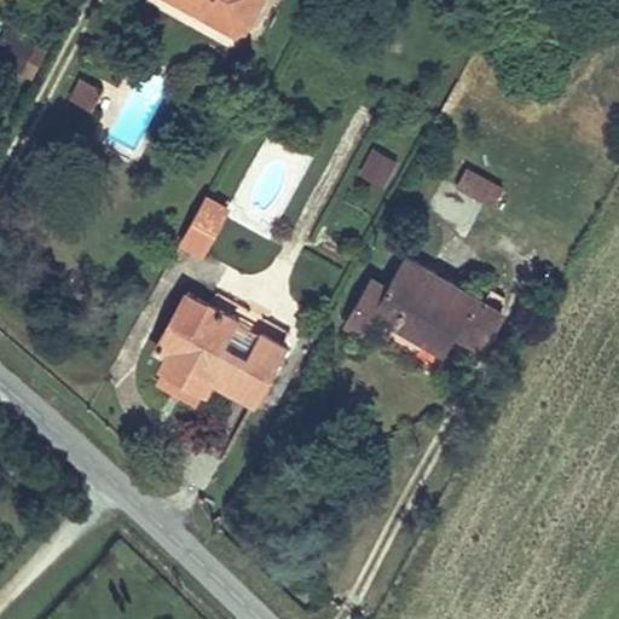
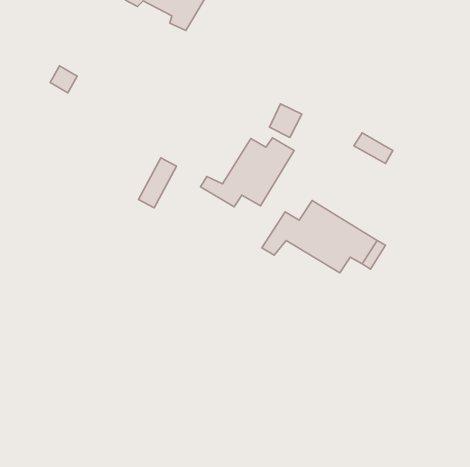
building: none -> [200,138,294,207]
building: [154,297,282,404] -> none

